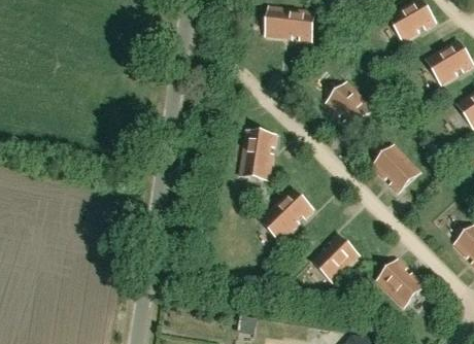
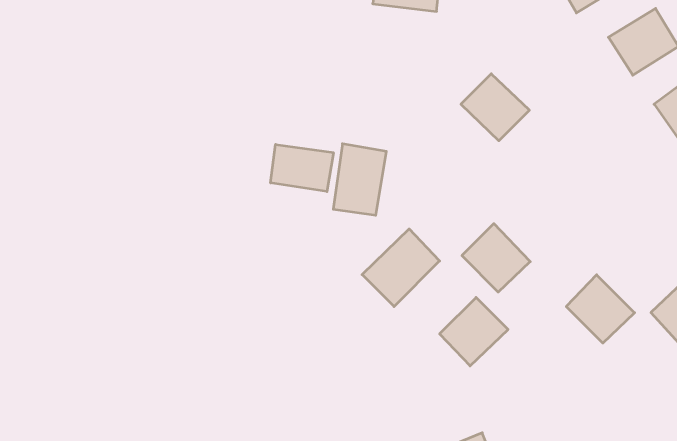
building: none -> [271,144,333,192]
building: [372,145,418,192] -> [462,224,530,292]
building: [377,260,424,306] -> [566,275,635,343]

